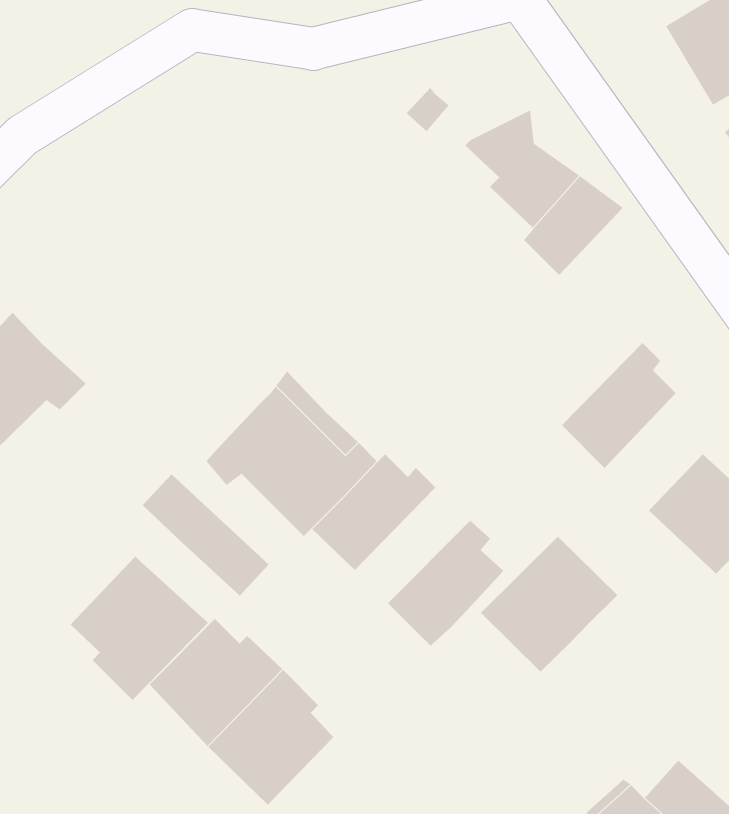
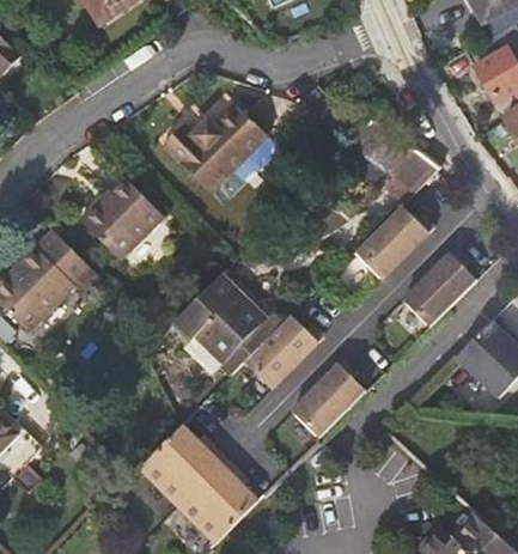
building: none -> [163,104,267,193]
building: none -> [80,181,163,261]
building: none -> [349,211,429,284]
building: [142,474,270,596] -> none
building: [480,536,618,672] -> none
building: [70,556,209,701] -> none

